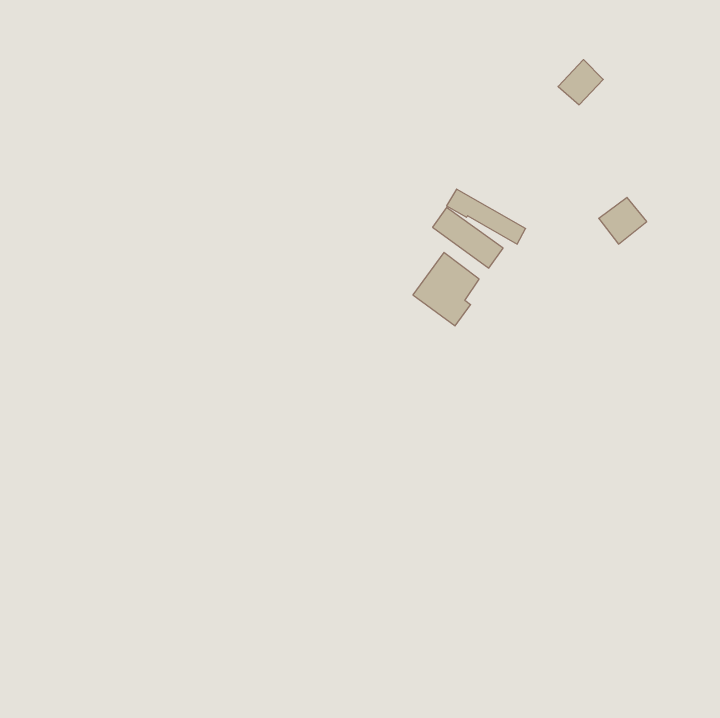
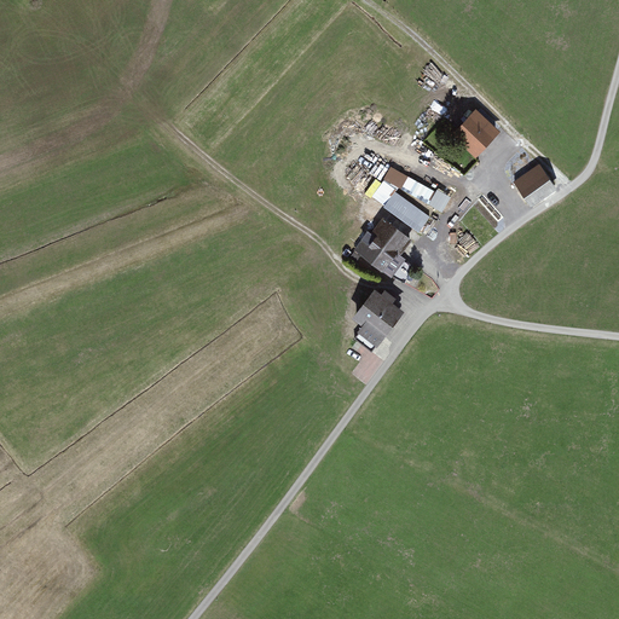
building: [558,60,603,105] -> [457,115,496,154]
building: none -> [346,289,400,348]

